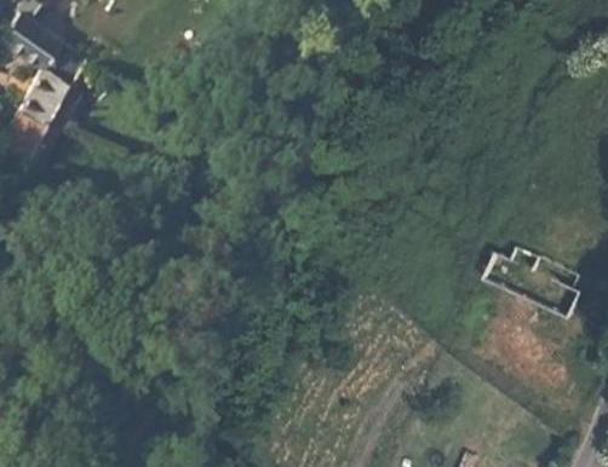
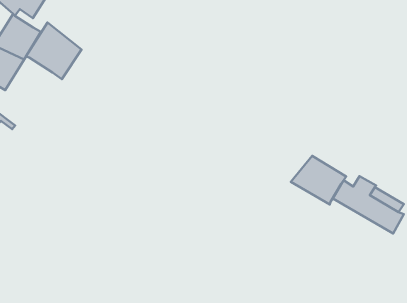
building: none -> [26,22,82,79]
building: none -> [291,156,346,205]

